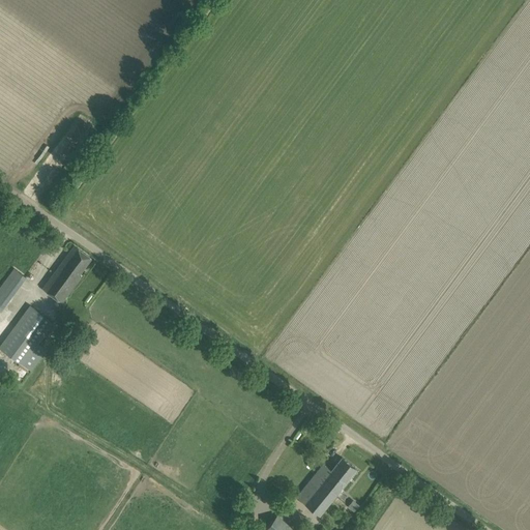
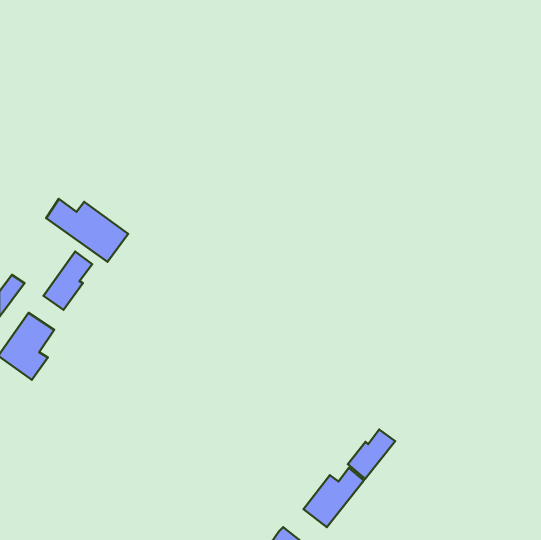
building: none -> [46,199,128,262]
building: none -> [348,429,395,479]

